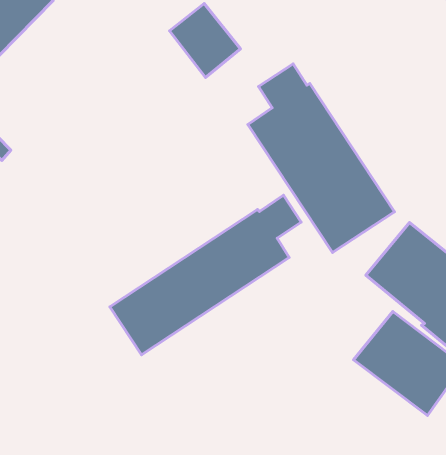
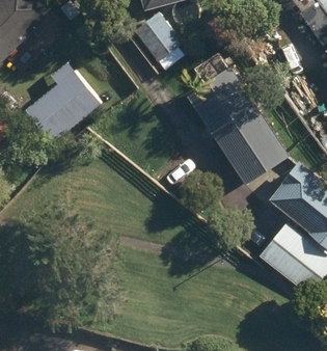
building: none -> [26,62,101,144]
building: [110,195,301,355] -> none

